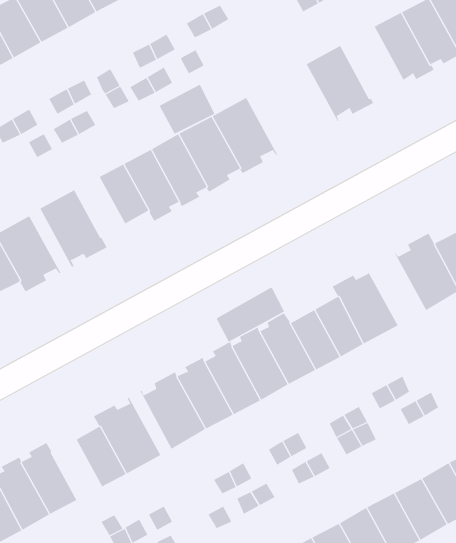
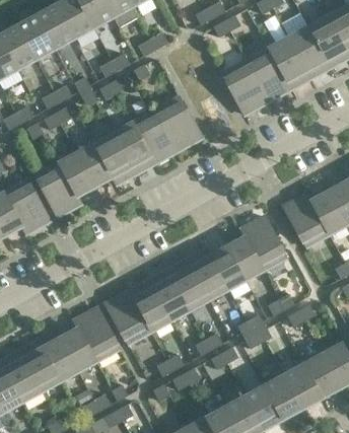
building: none -> [246,47,292,97]
building: [159,84,215,135] -> none
building: none -> [59,152,94,195]
building: [216,287,285,342] -> none
building: none -> [43,337,78,379]

